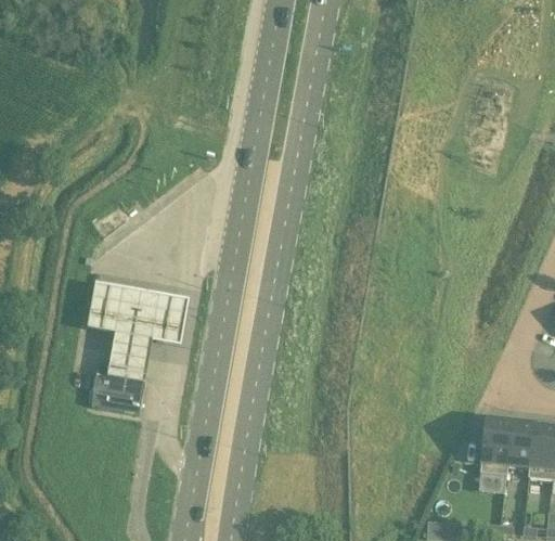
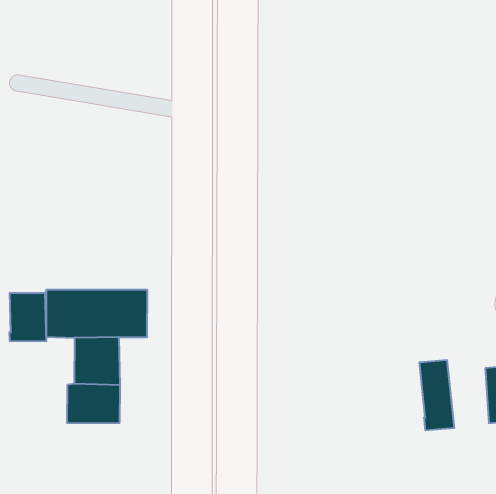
building: none -> [10,293,46,341]
building: none -> [419,360,454,430]

